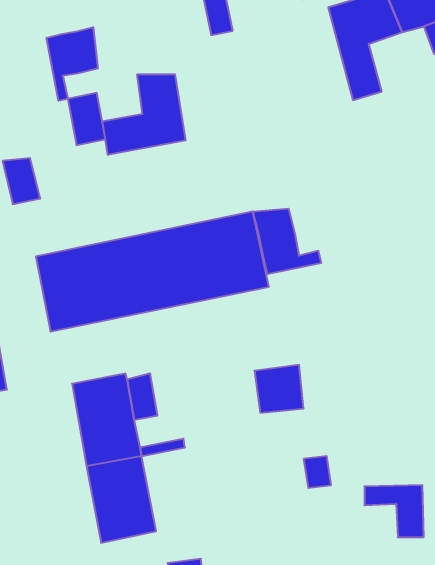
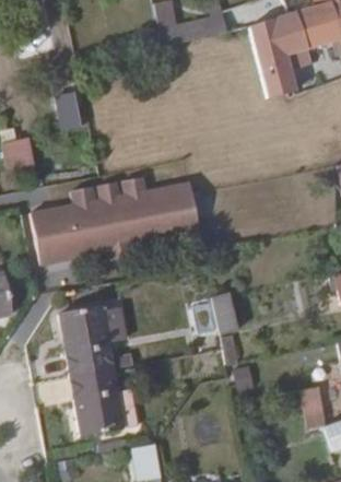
building: [47,27,98,101] -> none
building: [102,74,185,155] -> none
building: [253,209,321,274] -> none

